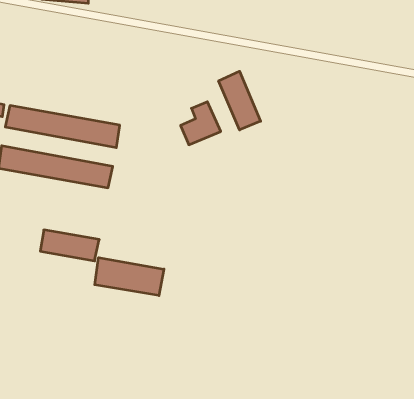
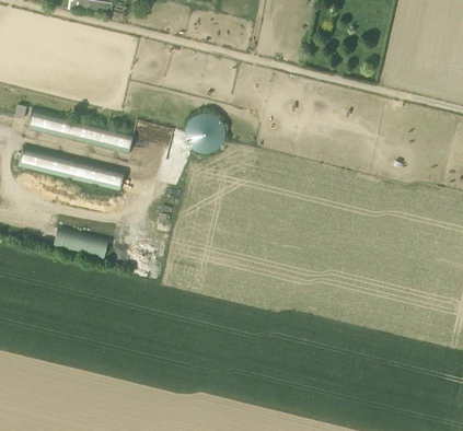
building: [219,71,261,130] -> none
building: [95,258,164,296] -> none

